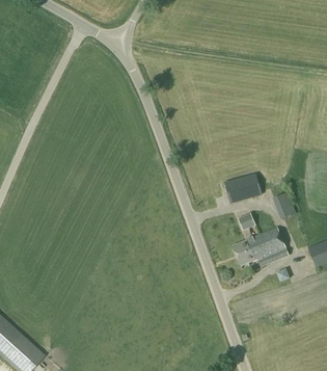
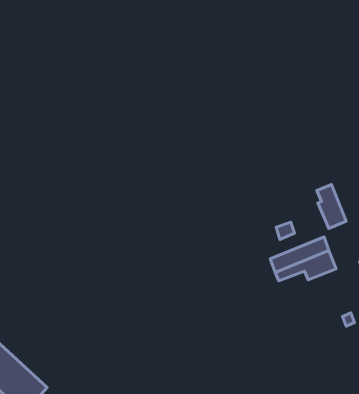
building: [224,171,263,203] -> none

